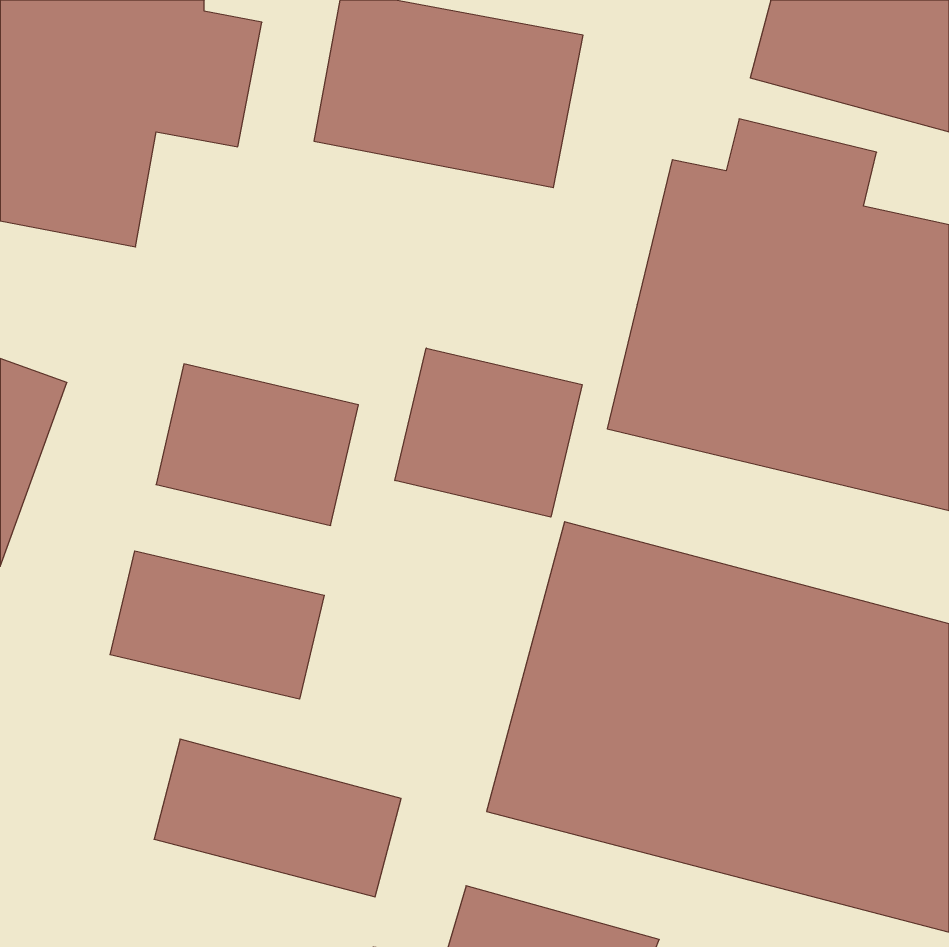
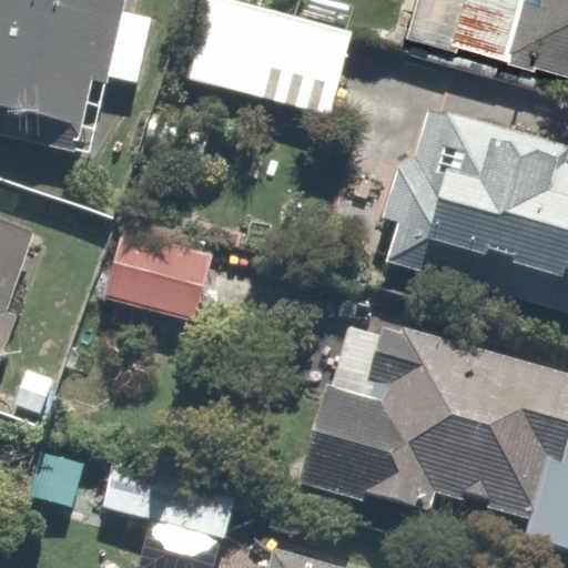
building: [395,348,582,517] -> none
building: [110,551,324,699] -> none

